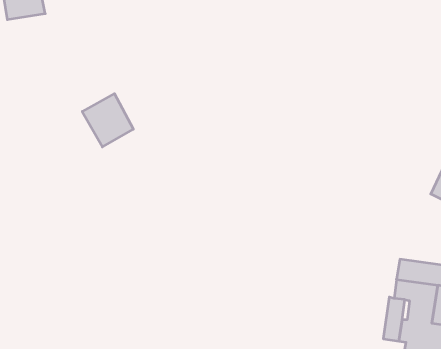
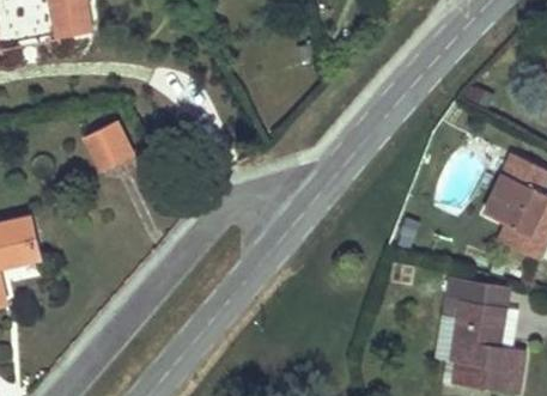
building: [82,94,133,147] -> [81,116,133,170]

